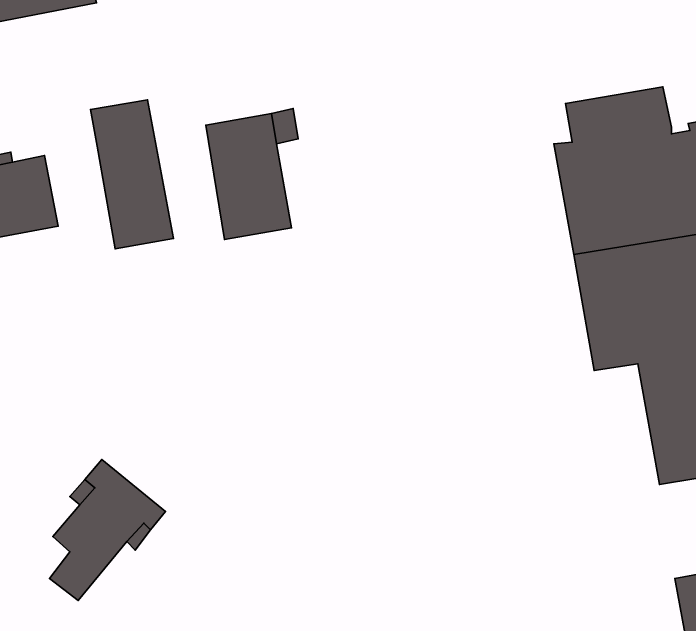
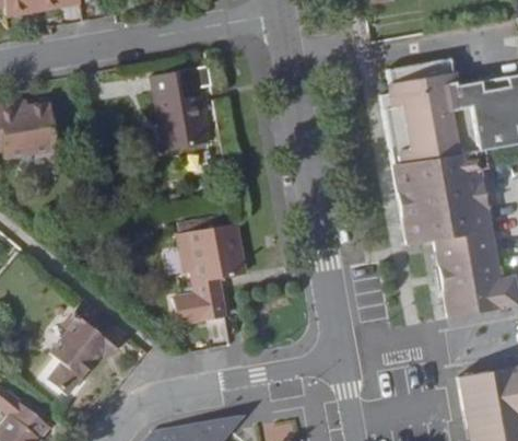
building: [91,100,173,249] -> none
building: none -> [173,221,245,324]

